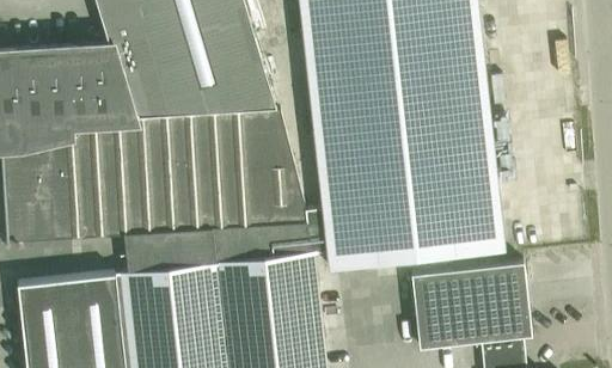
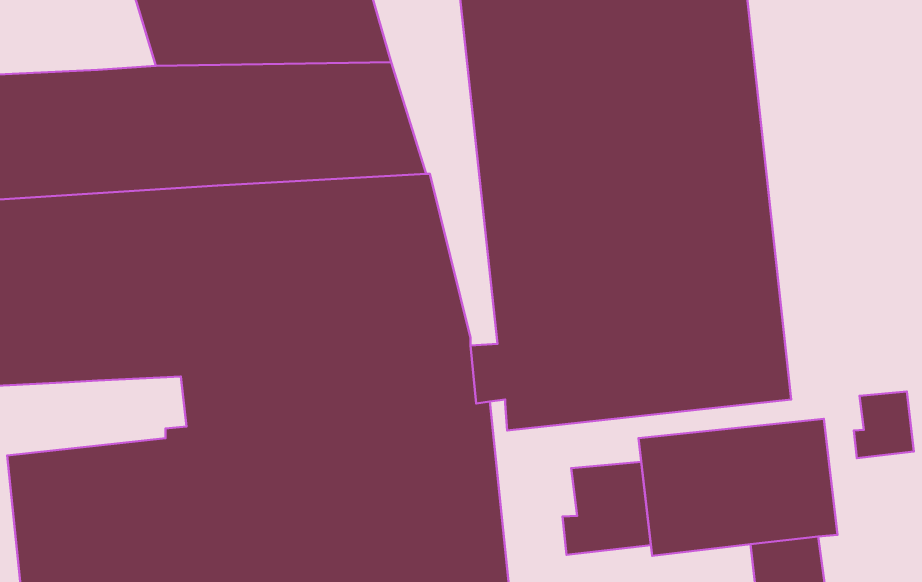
building: none -> [854,391,914,458]
building: none -> [563,462,651,555]

